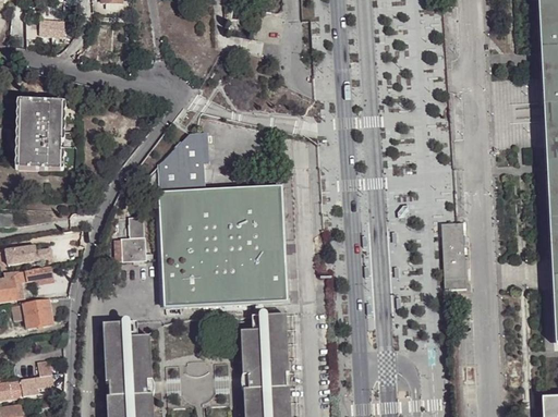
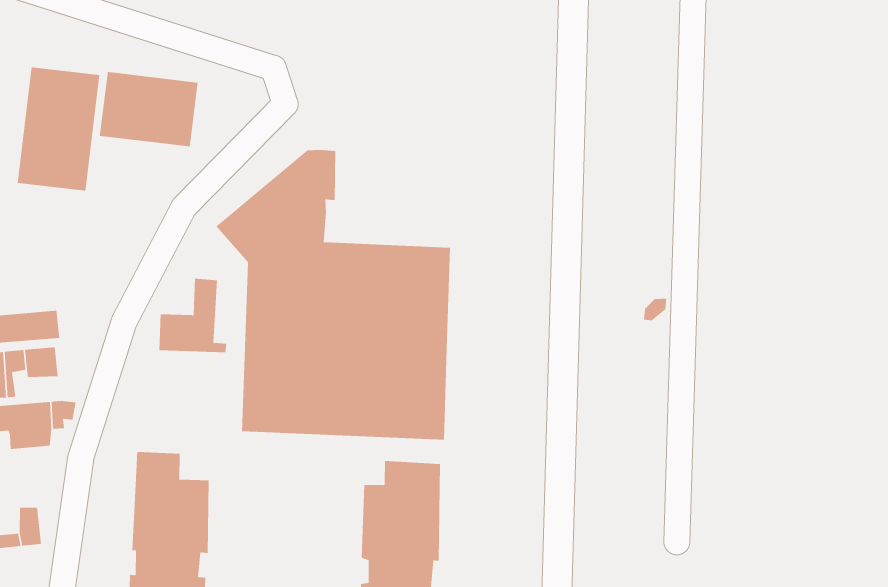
building: none -> [99,71,198,147]
building: [441,211,466,286] -> none

